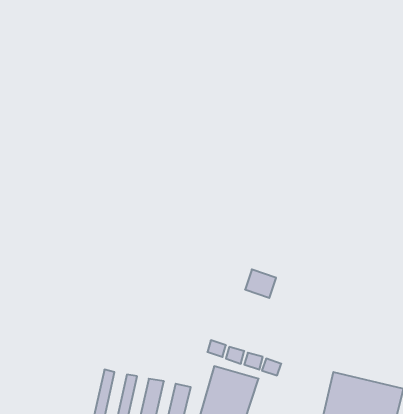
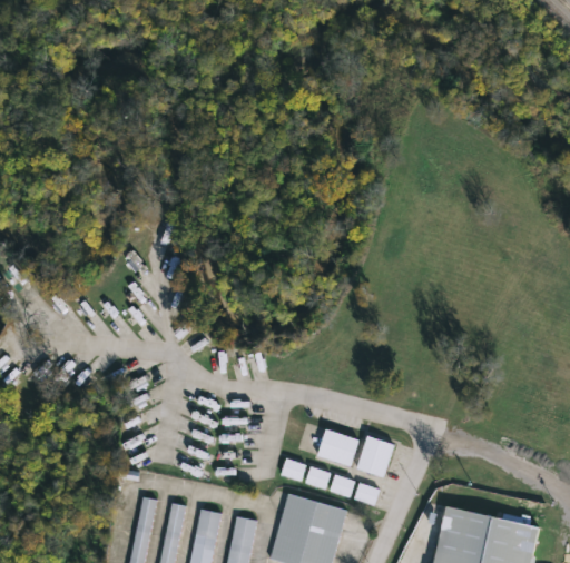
building: [245,269,276,298] -> [317,429,358,467]
building: none -> [357,437,394,477]

